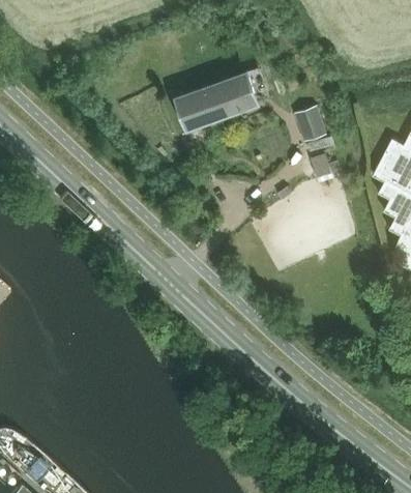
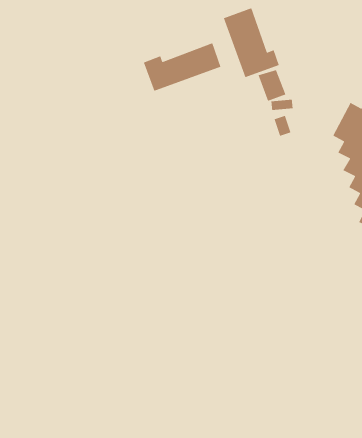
building: none -> [223,7,280,78]

